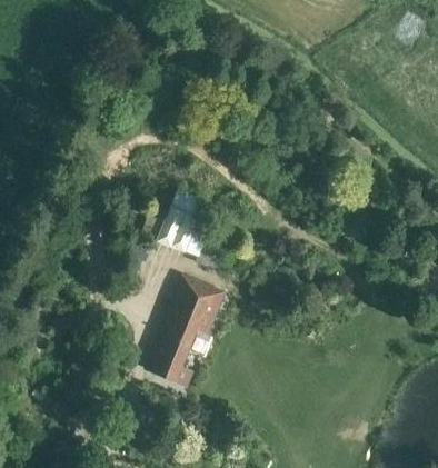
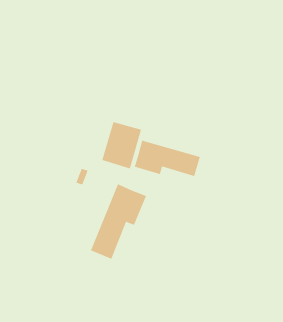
building: none -> [134,140,200,177]

